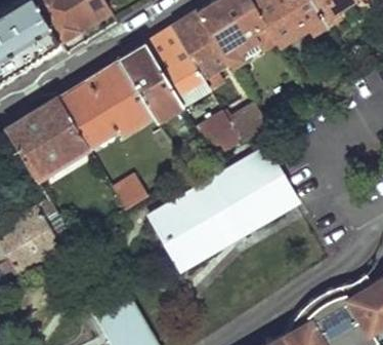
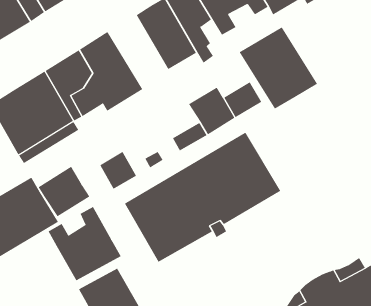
building: [123,42,186,119] -> none
building: none -> [239,26,318,109]
building: none -> [38,166,90,217]
building: none -> [48,206,121,281]

